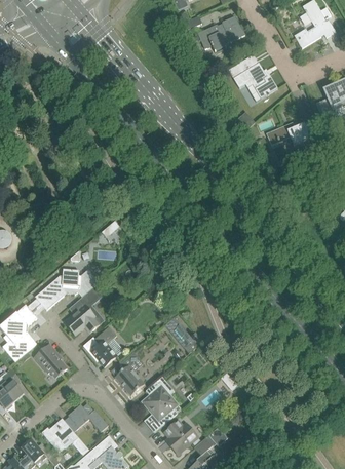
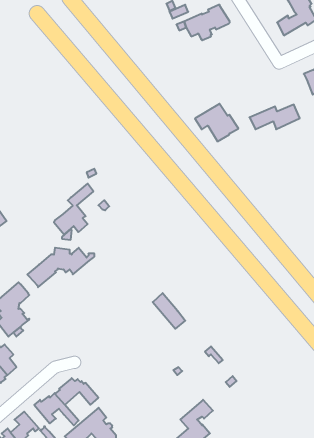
building: [232,63,277,102] -> [195,104,238,141]
building: [64,282,105,335] -> [54,184,93,234]
building: [90,326,116,366] -> none
building: [34,344,66,378] -> none
building: [114,352,144,396] -> none
building: [142,377,181,425] -> none
building: [163,420,197,455] -> none

